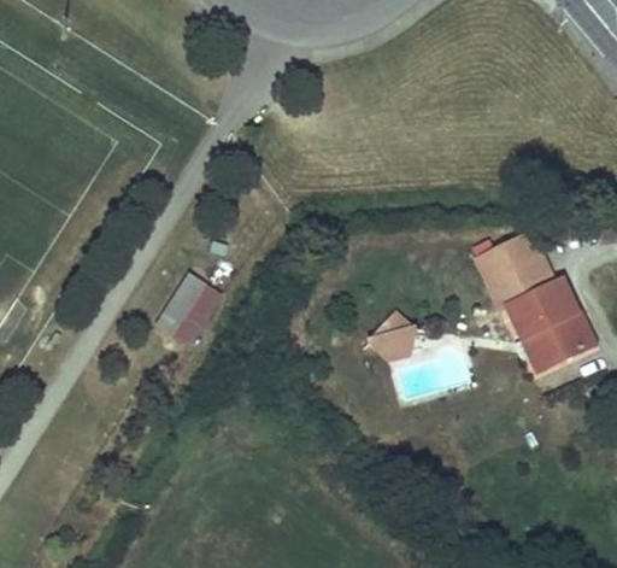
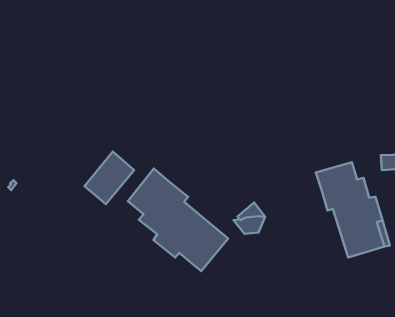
building: none -> [128,168,228,271]

